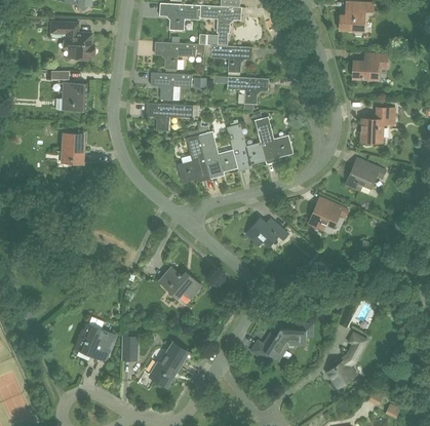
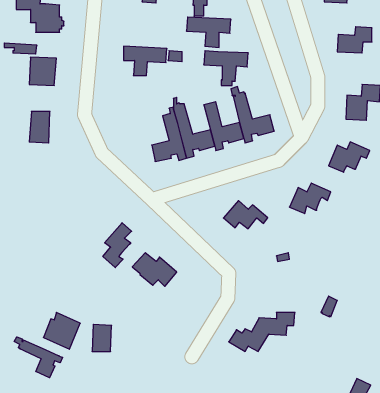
building: [155,41,196,69] -> none
building: [147,103,199,130] -> none
building: none -> [103,223,132,268]
building: [327,333,366,387] -> none
building: none -> [14,337,63,378]
building: [150,350,184,386] -> none

